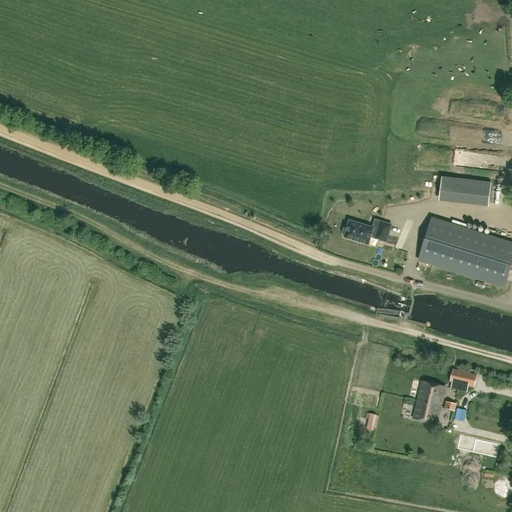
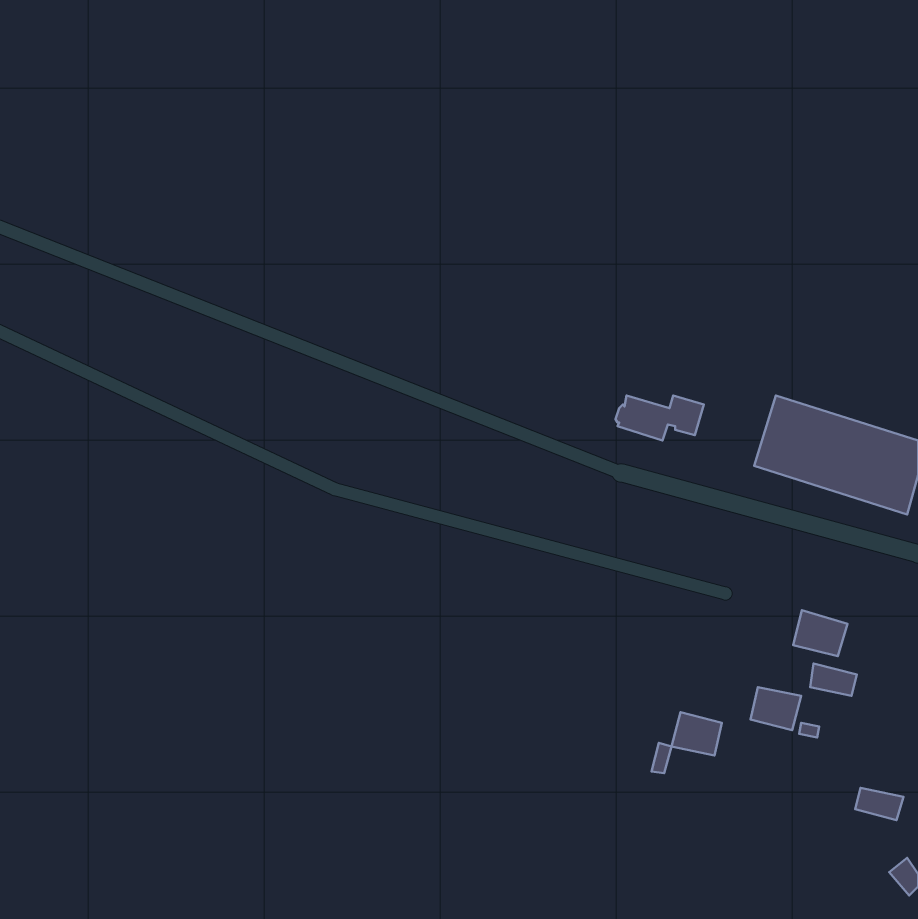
building: [438,176,490,201] -> none
building: none -> [793,610,847,656]
building: [412,400,440,424] -> [671,712,722,755]

